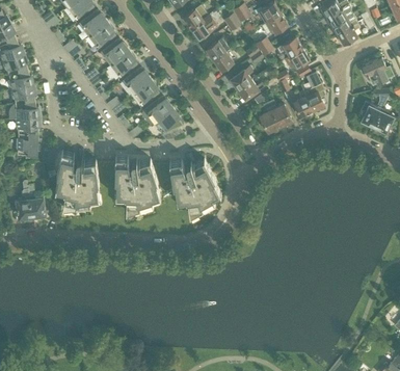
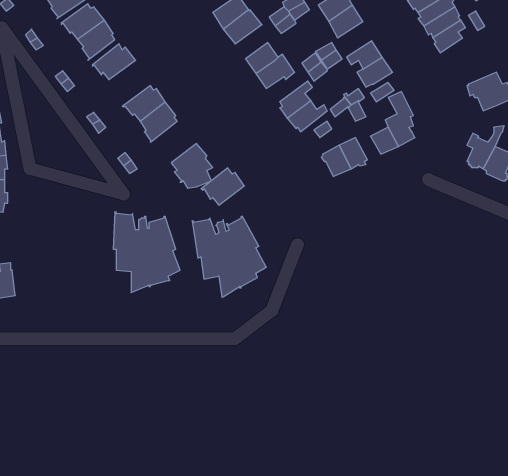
building: [110,50,136,79] -> none
building: [141,96,171,122] -> [201,168,244,205]
building: [54,151,99,208] -> none

